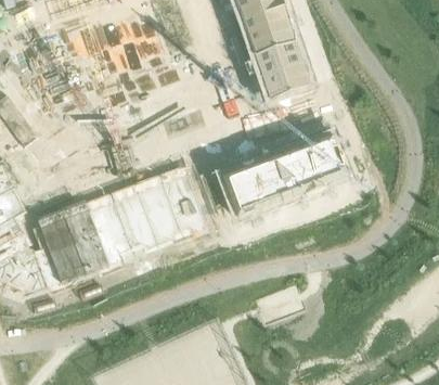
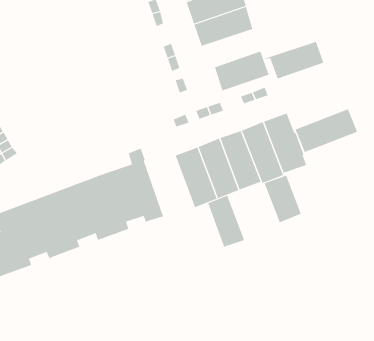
building: [244,38,304,76] -> [264,41,324,79]
building: none -> [295,109,358,153]
building: none -> [264,175,301,223]
building: none -> [208,195,245,248]

